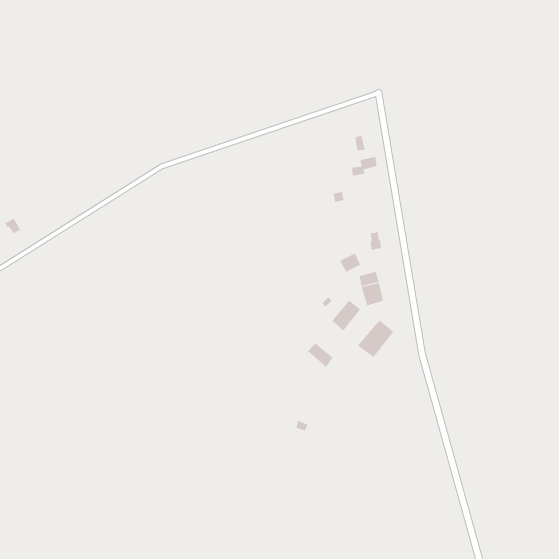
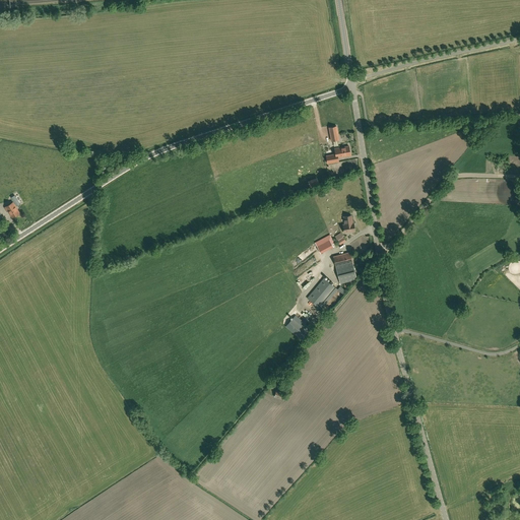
building: [357,319,394,358] -> none

